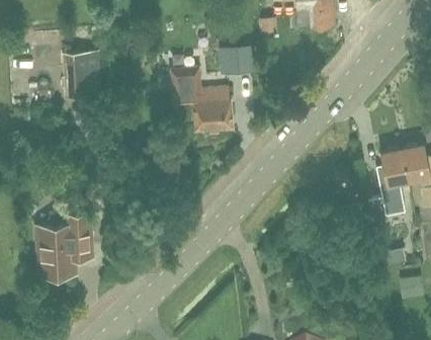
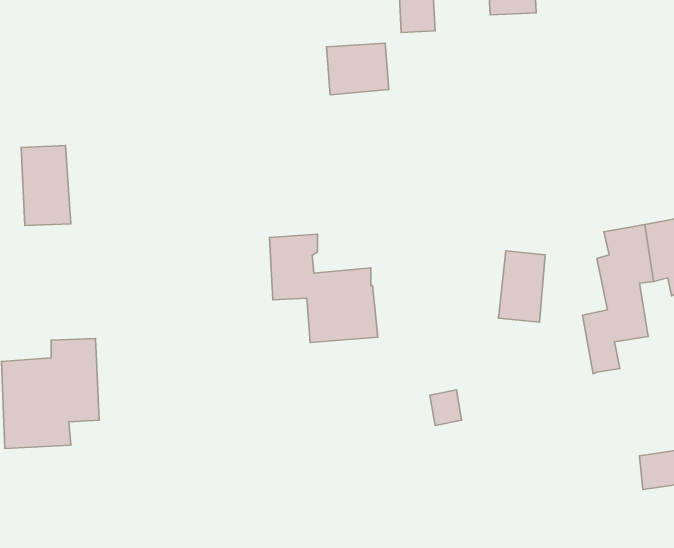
building: [72,50,100,95] -> [21,146,71,226]
building: [170,67,232,129] -> [269,234,378,343]
building: none -> [498,251,545,322]

